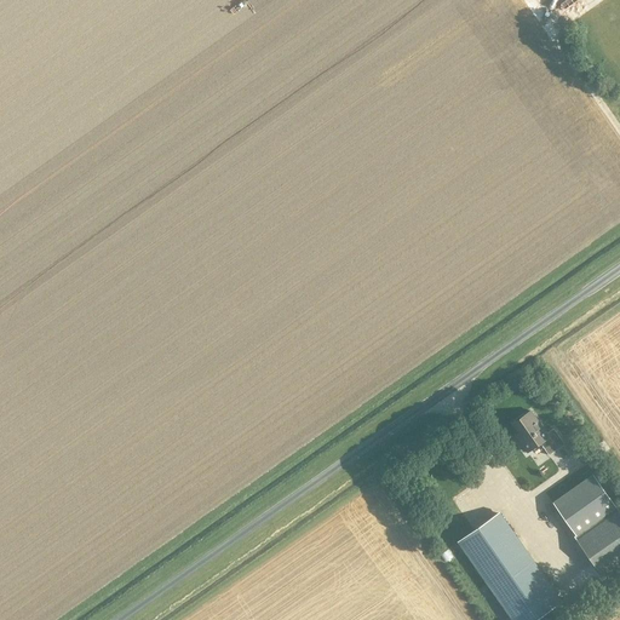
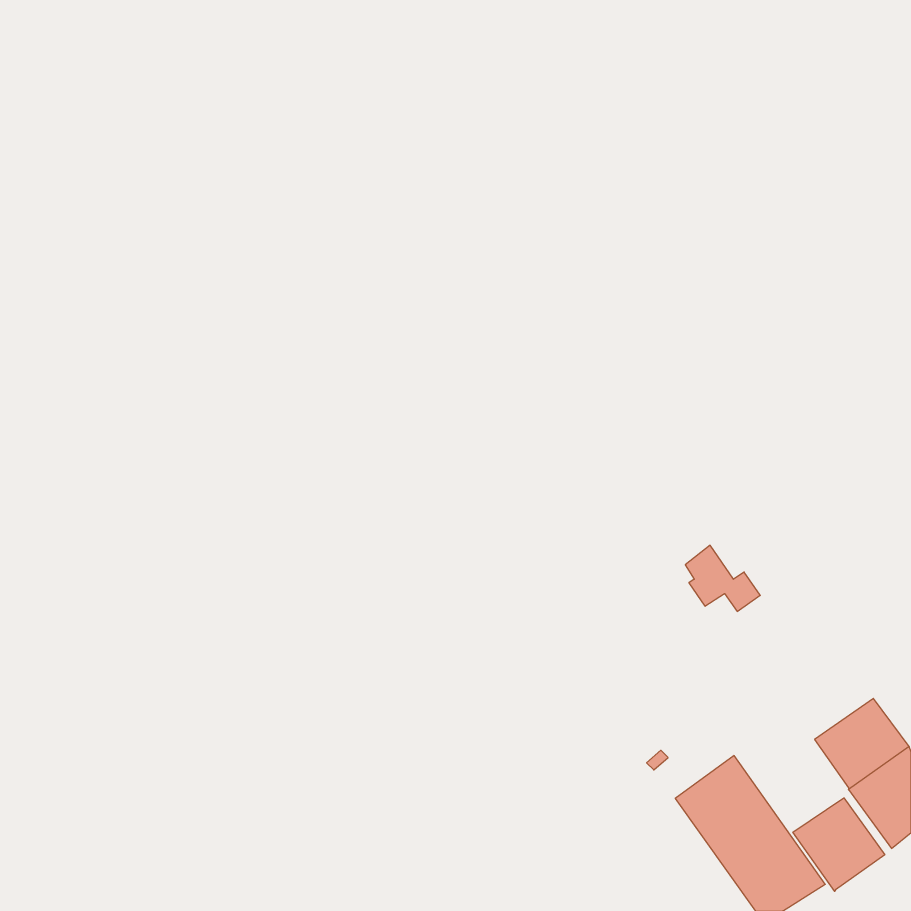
building: [512,409,563,454] -> [685,545,760,611]
building: none -> [793,798,885,891]

